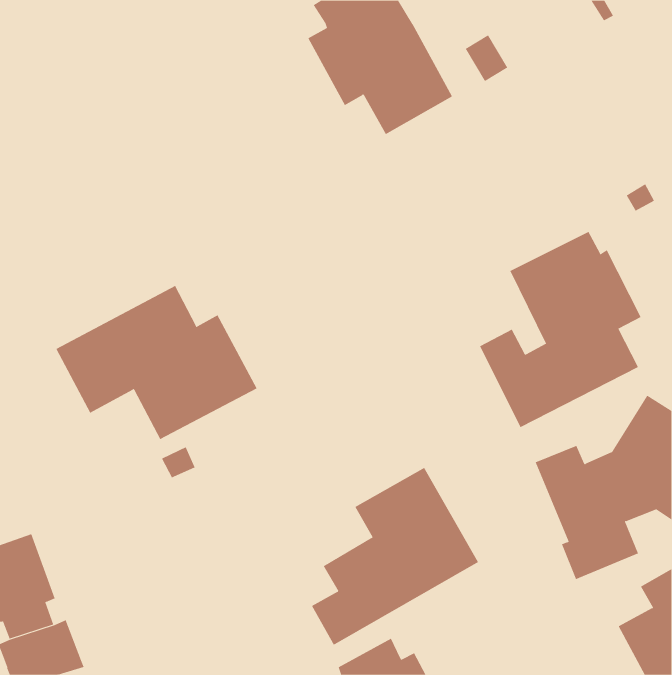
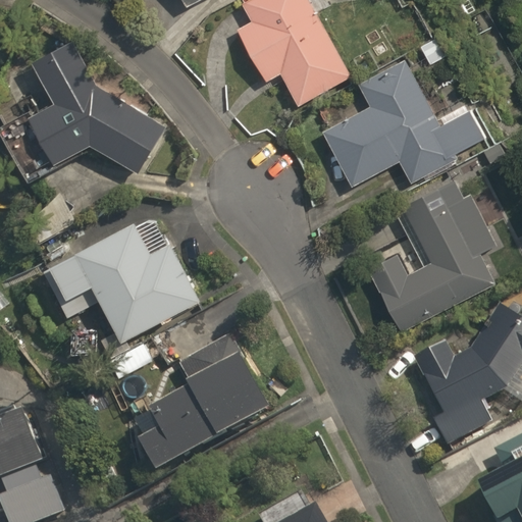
building: none -> [32,40,167,171]
building: none -> [322,59,485,186]
building: [311,467,479,645] -> [142,334,271,472]

